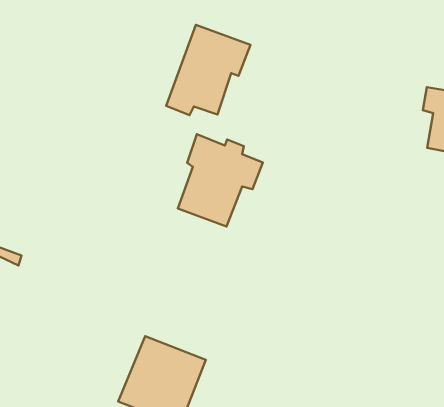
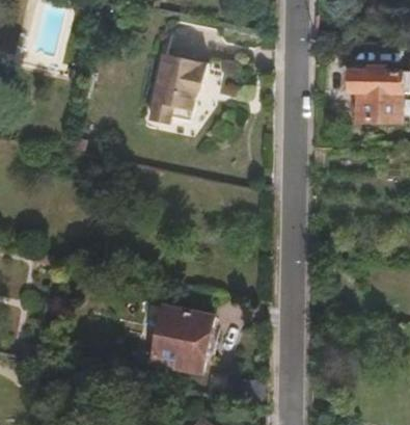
building: [178,134,263,227] -> none

